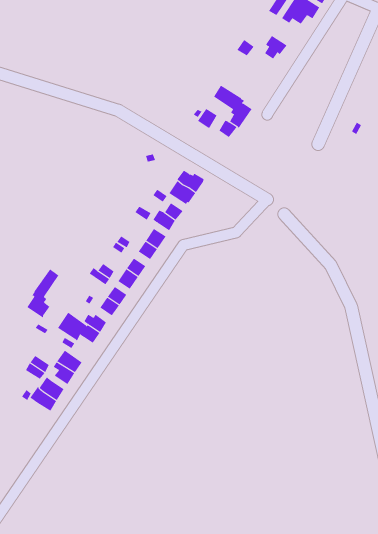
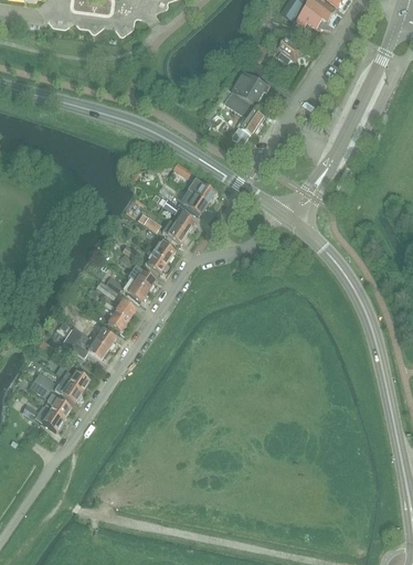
building: none -> [232,71,266,104]
building: [26,269,59,318] -> none

